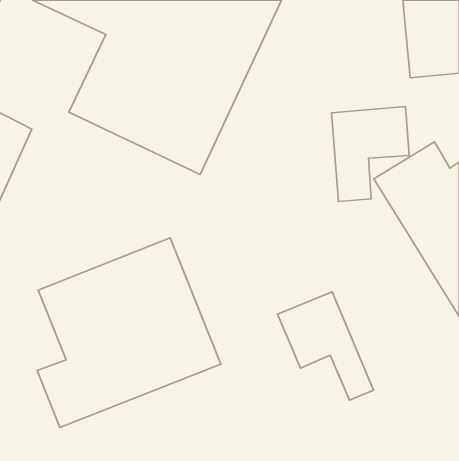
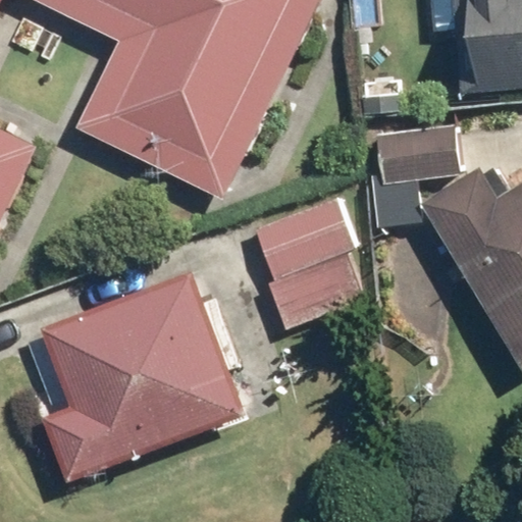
building: none -> [254,195,363,329]
building: [278,292,374,400] -> none

